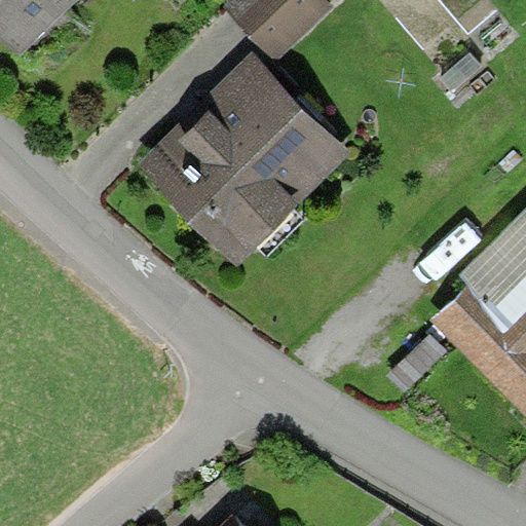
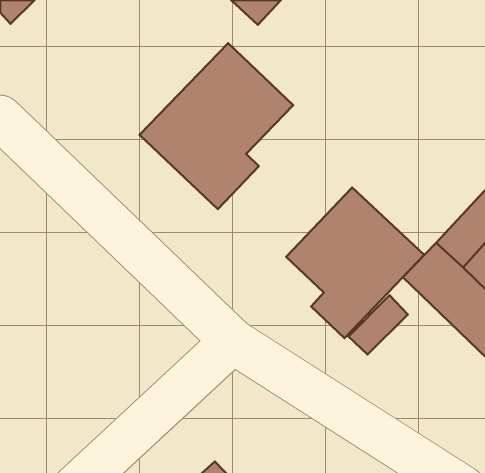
building: none -> [286,187,424,338]

